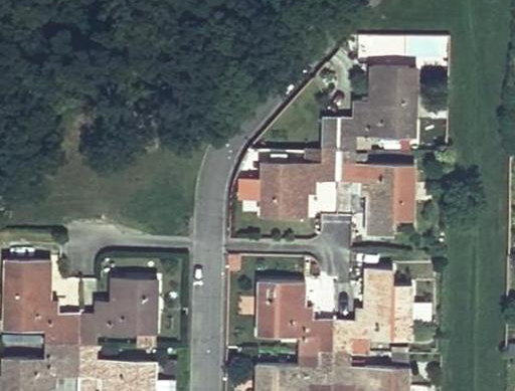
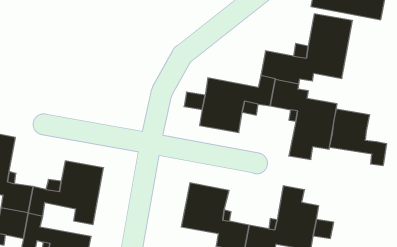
building: none -> [330,109,387,166]

